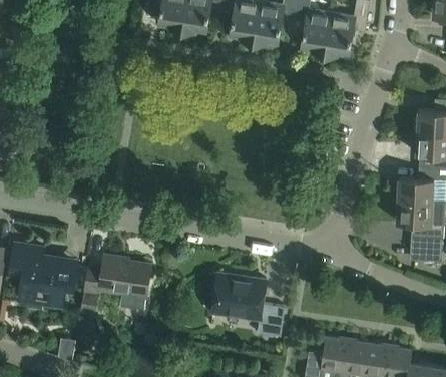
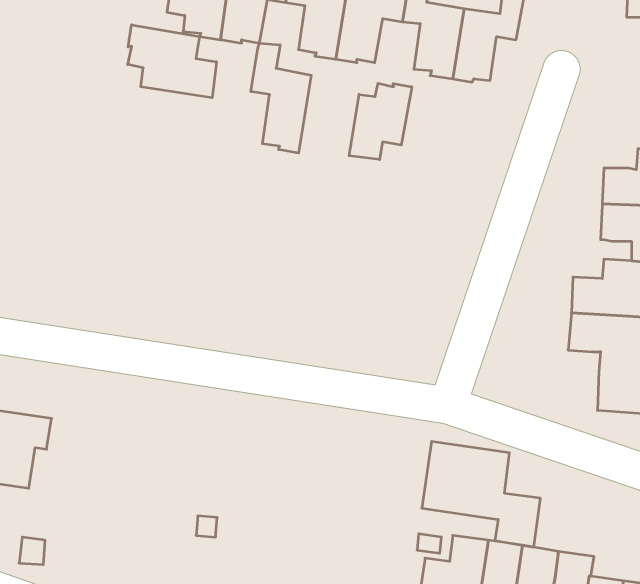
building: none -> [128,25,216,98]
building: none -> [251,43,311,153]
building: none -> [349,83,412,160]
building: [83,256,150,312] -> none
building: [211,272,285,337] -> [422,441,540,547]

